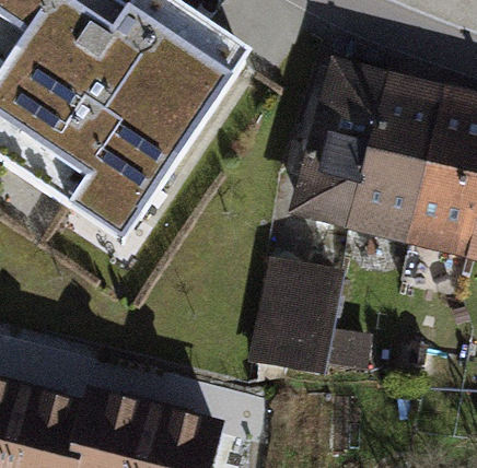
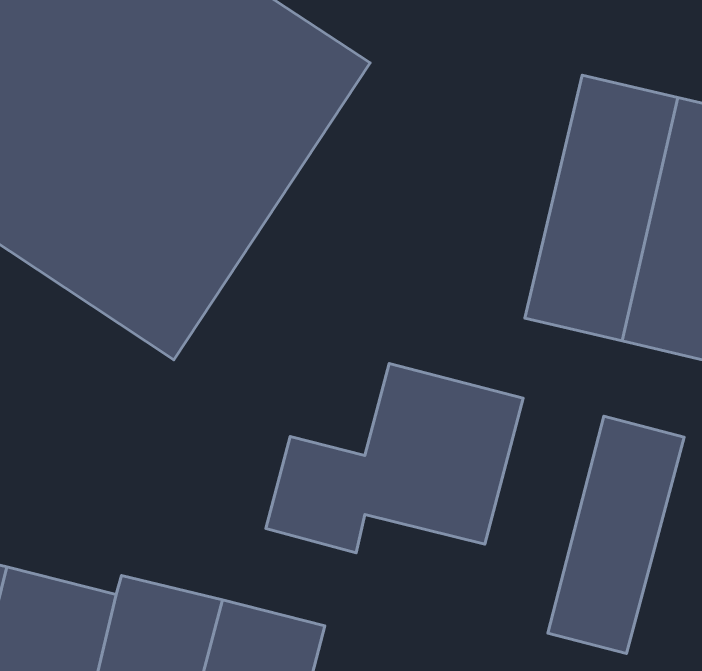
building: [290,61,386,229] -> none
building: none -> [548,416,684,653]

